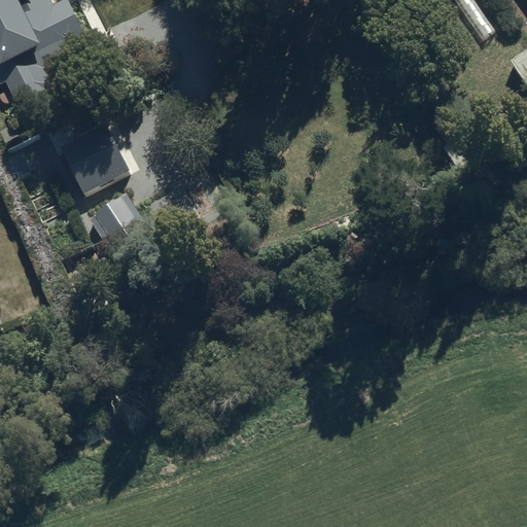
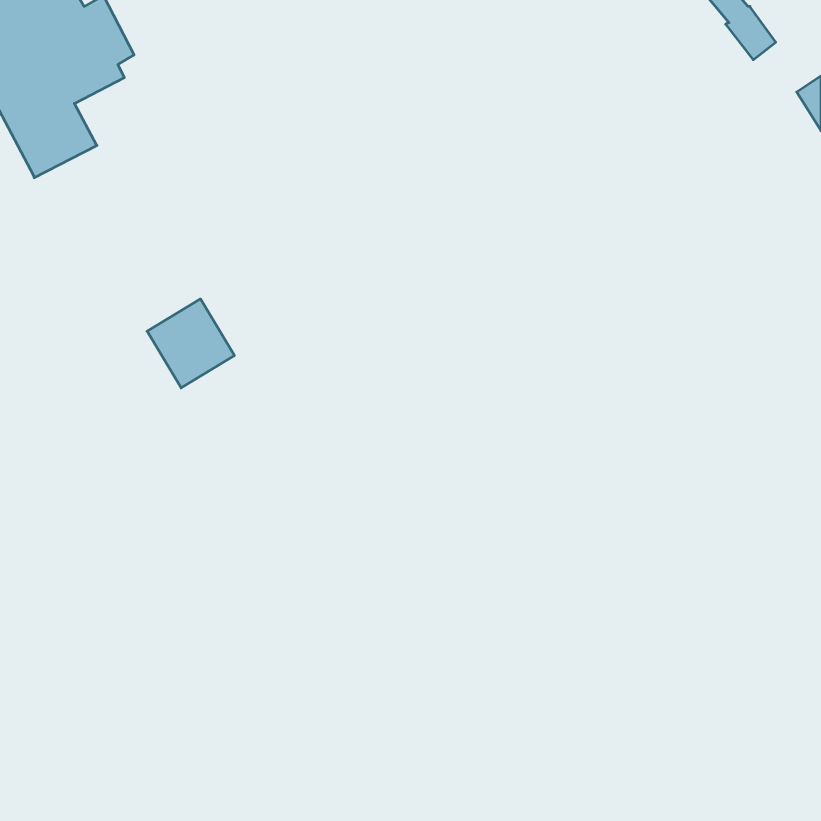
building: [45,104,129,194] -> none

